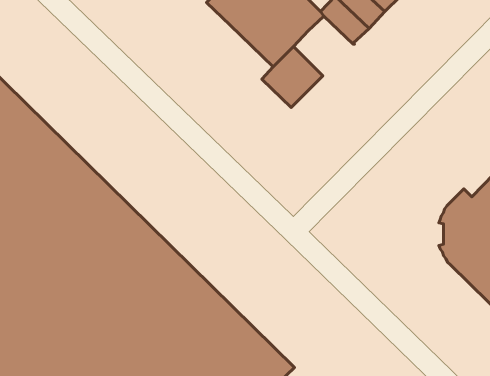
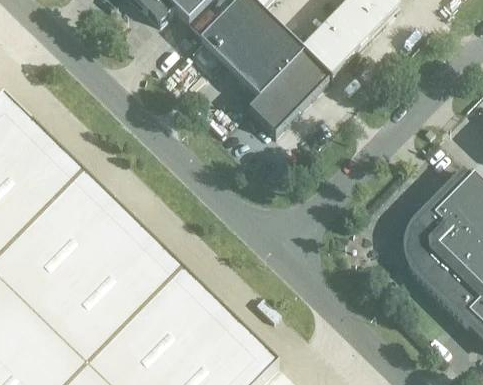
building: none -> [277,50,330,103]

